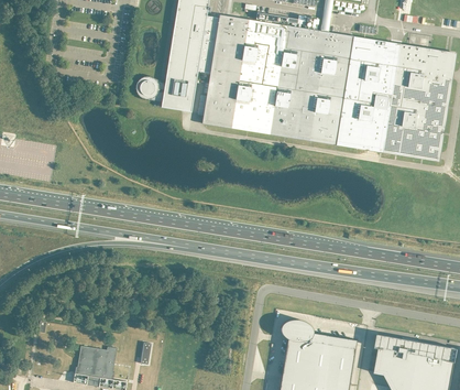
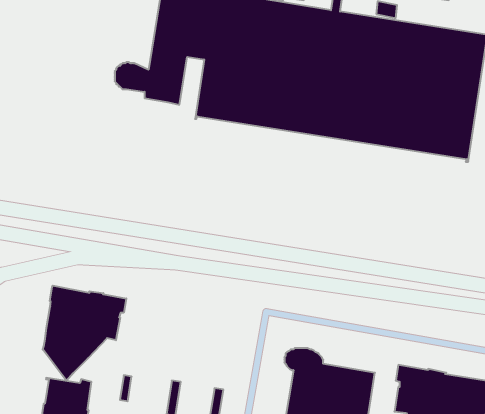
building: none -> [43,286,126,381]

